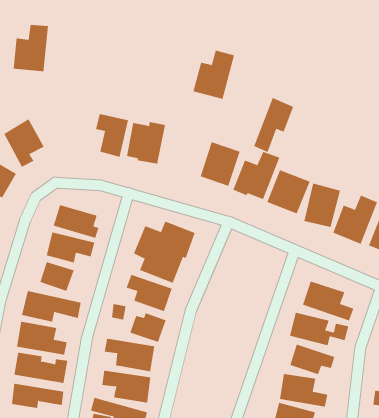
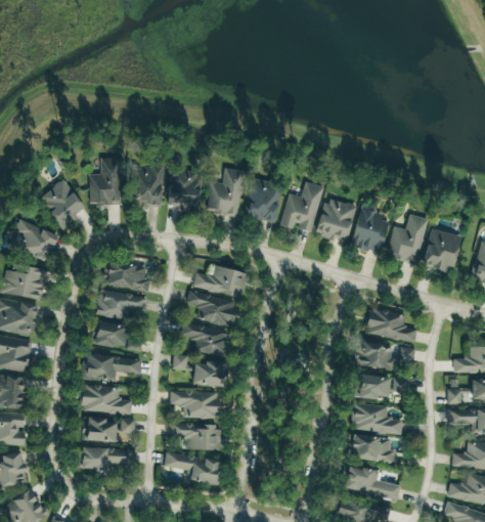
building: [13,24,49,72] -> [89,158,122,206]
building: [193,50,235,99] -> [207,168,245,217]
building: [253,97,294,153] -> none

